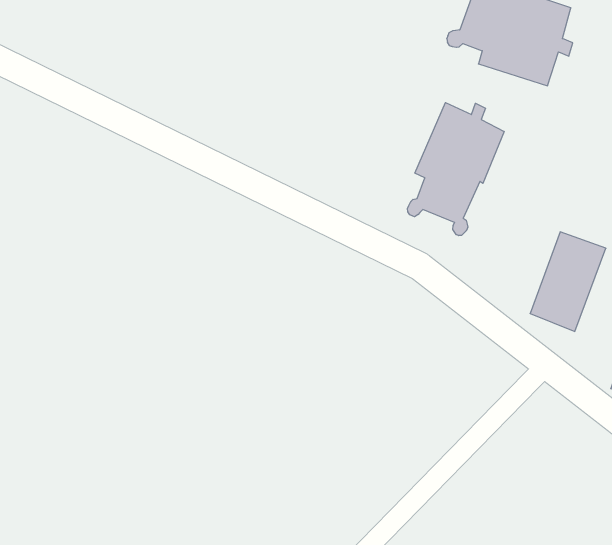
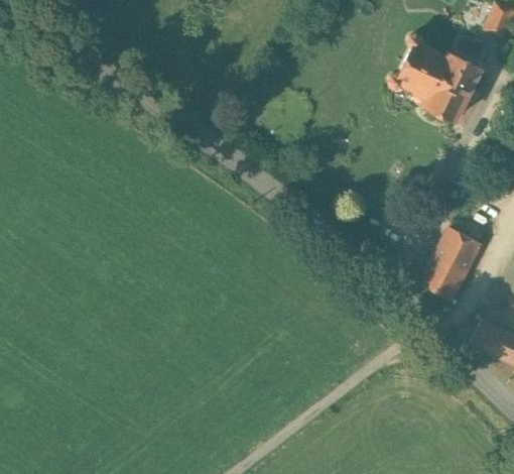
building: [407,103,504,236] -> none

